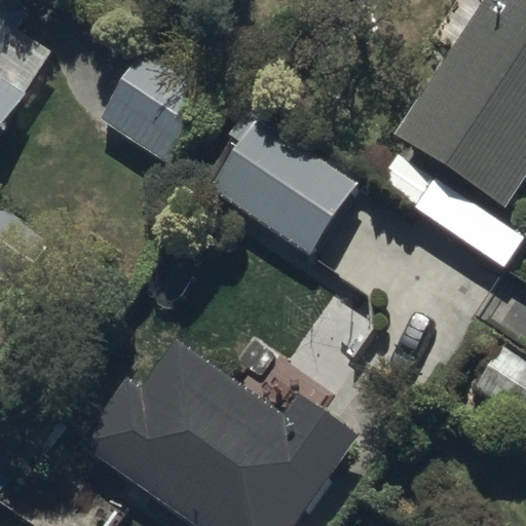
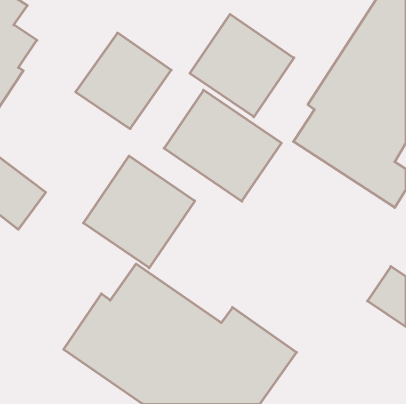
building: none -> [190,14,294,117]
building: none -> [83,156,195,268]

